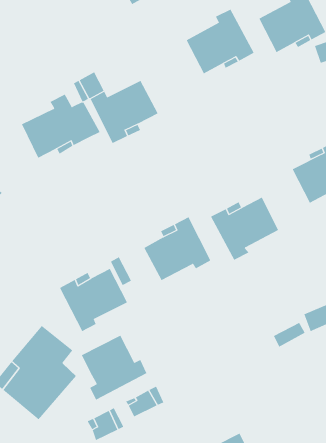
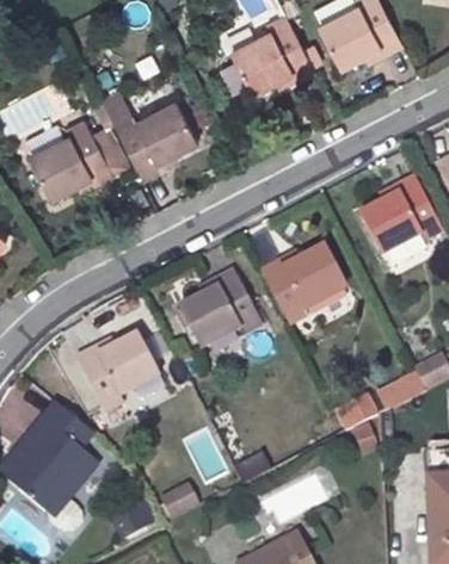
building: [81,335,147,401] -> none

